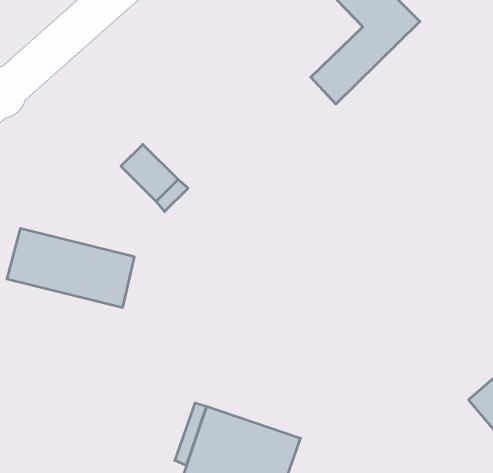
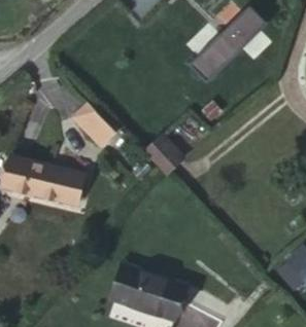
building: none -> [143,133,186,175]

